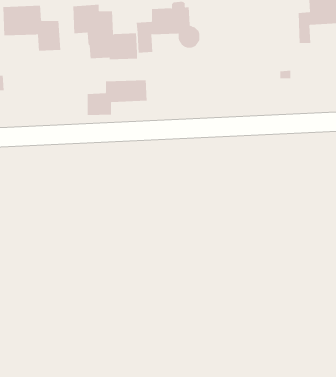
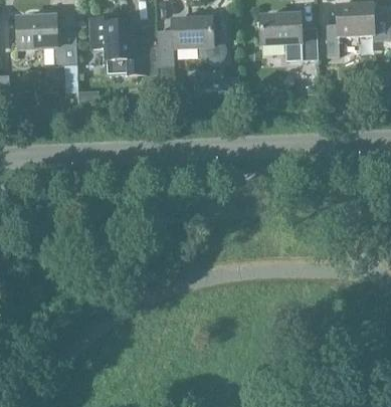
building: none -> [260,15,317,60]
building: [87,80,147,116] -> none

